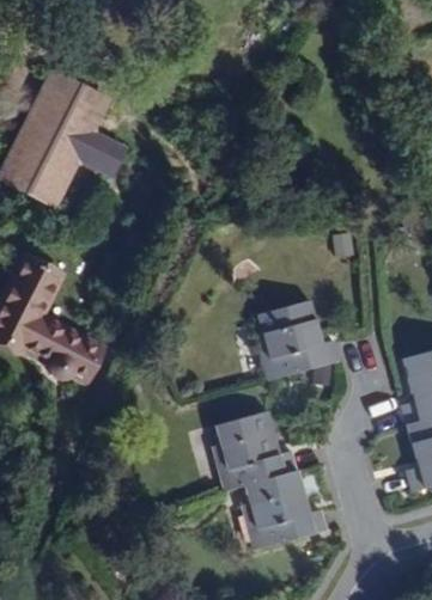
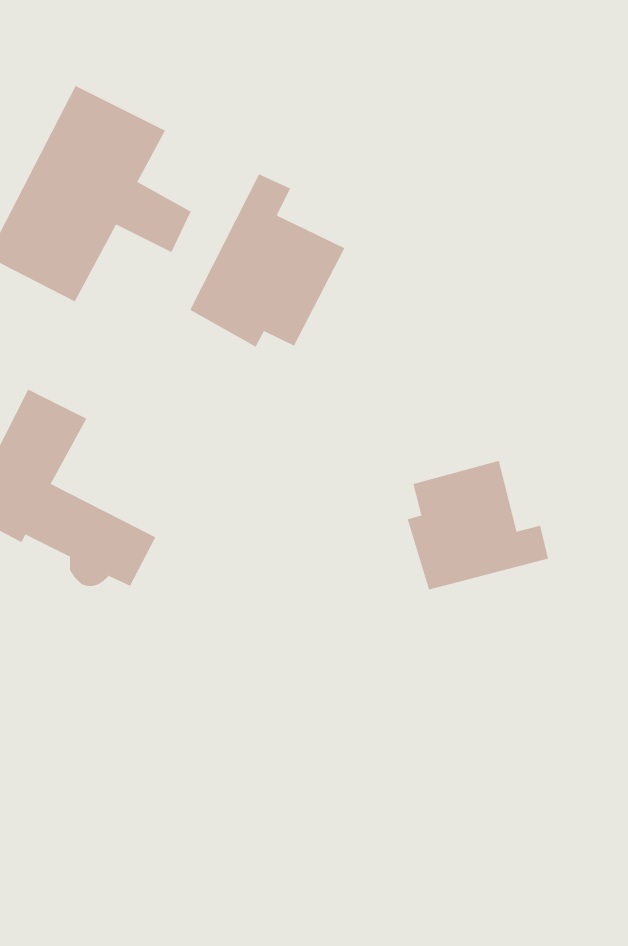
building: none -> [190,173,345,347]
building: [212,410,328,550] -> none

